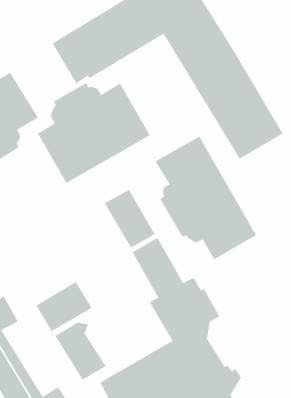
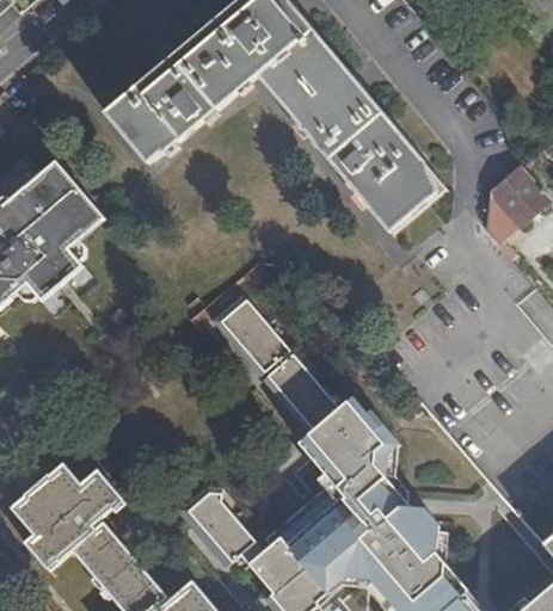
building: [37,82,150,184] -> none
building: [155,136,257,260] -> none
building: [35,281,92,332] -> none

